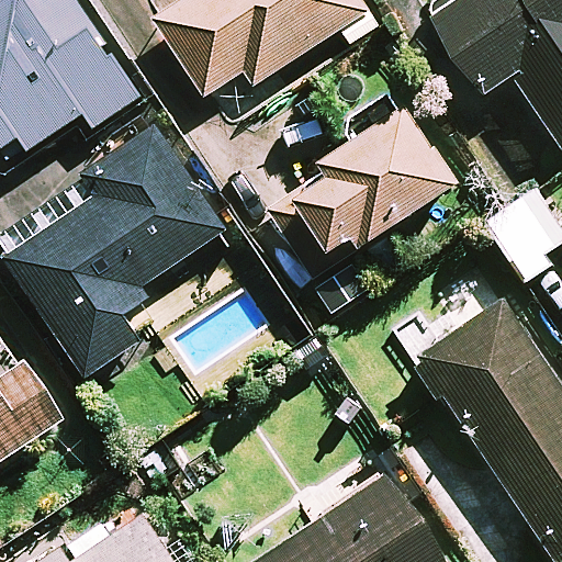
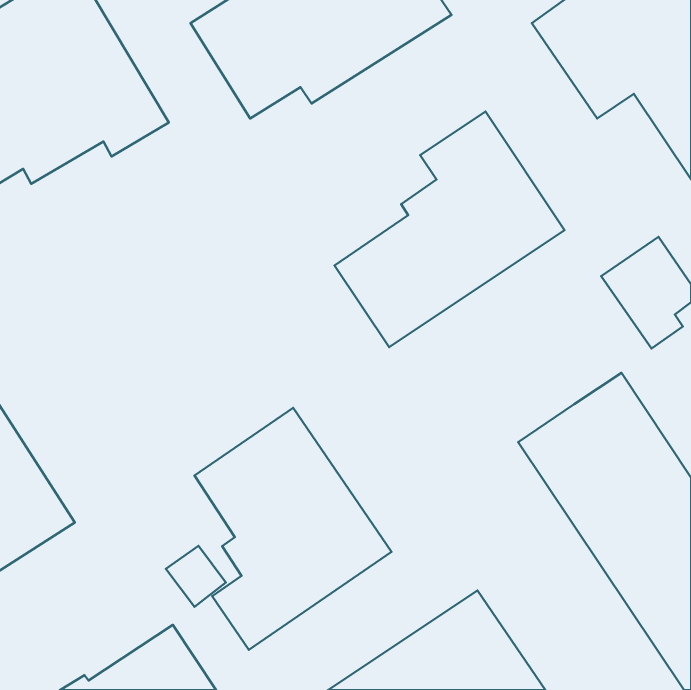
building: [7,128,223,376] -> none
building: none -> [195,408,392,650]

